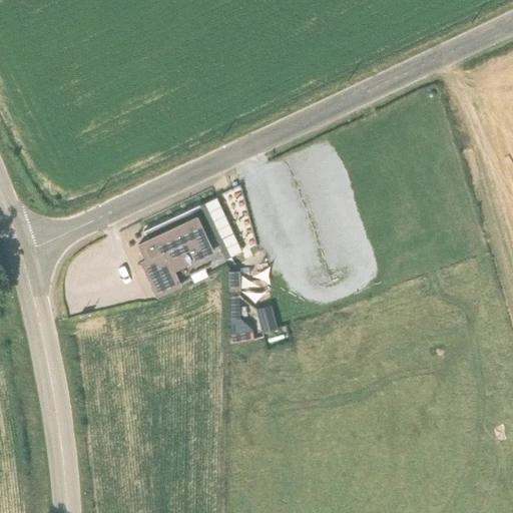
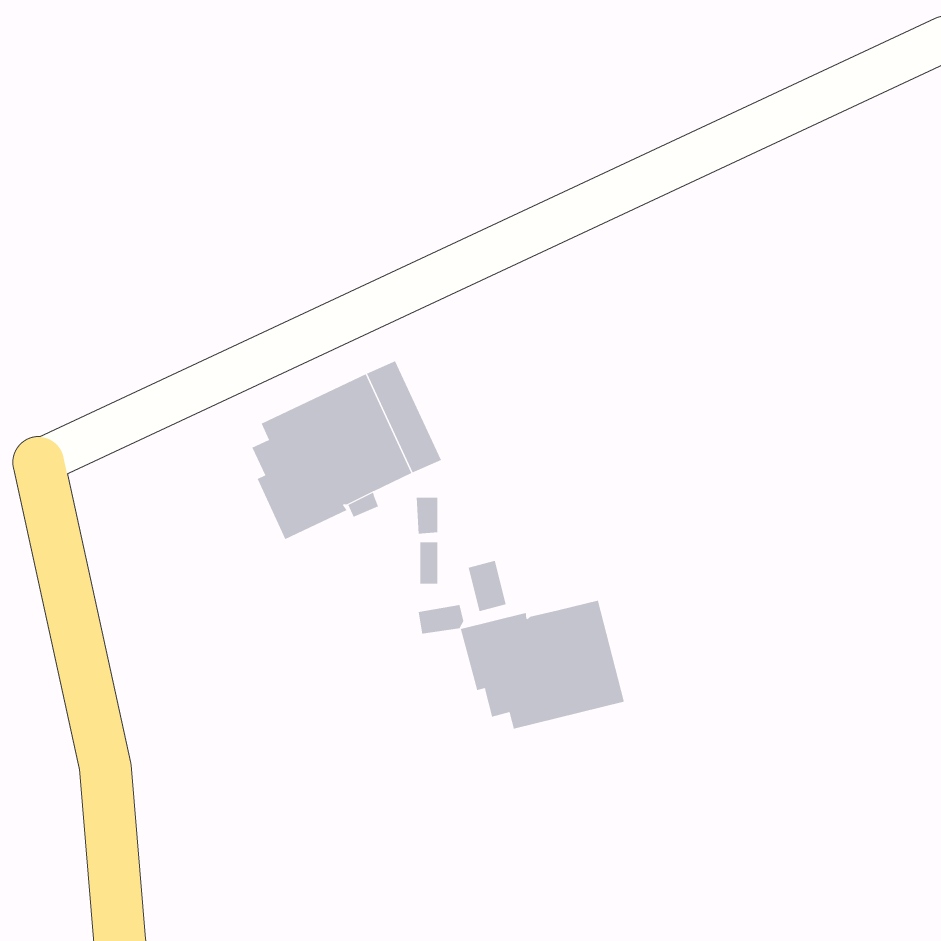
building: none -> [460,600,624,730]

